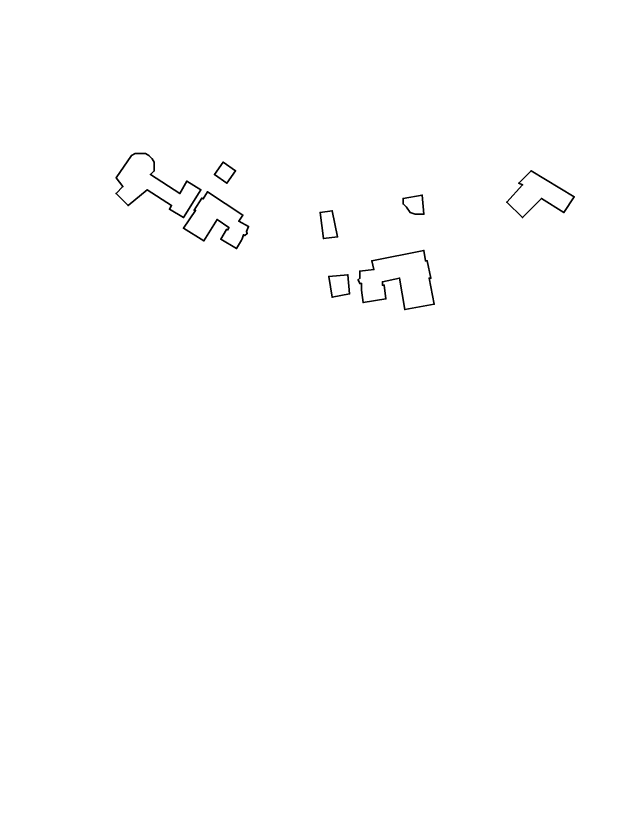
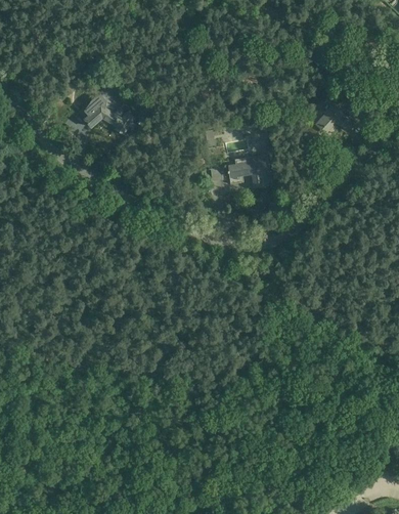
building: [184,192,249,248] -> none

